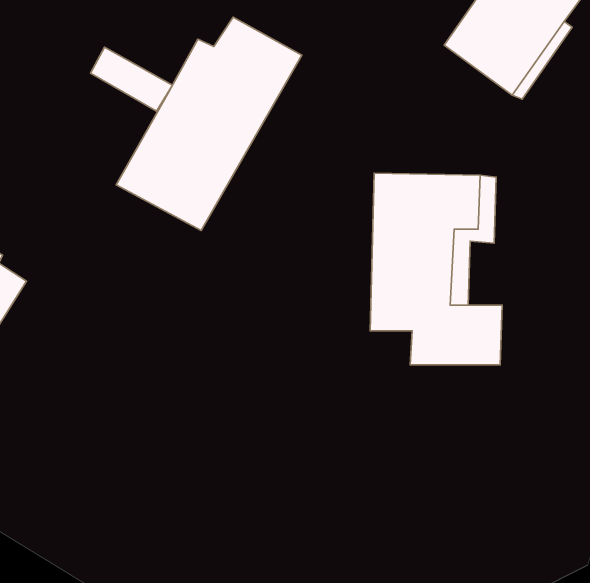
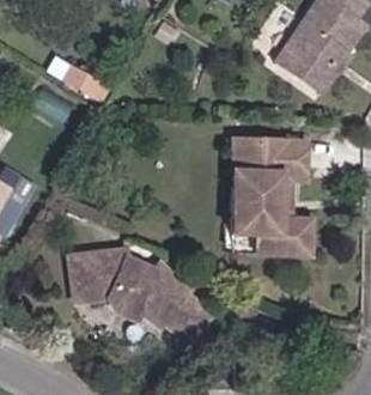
building: [116,17,302,230] -> none
building: none -> [68,249,211,342]

